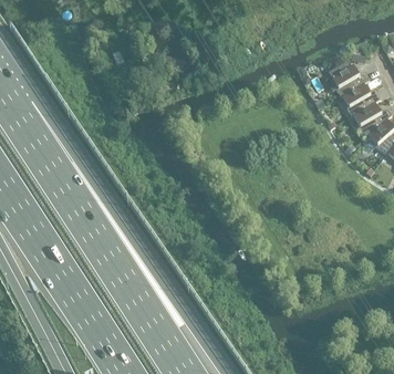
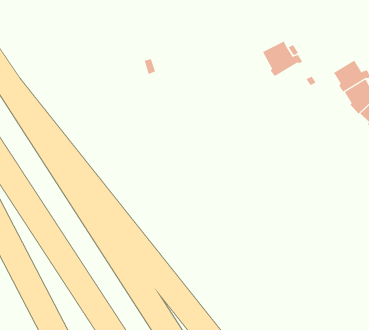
building: [329,63,370,100] -> [262,41,303,77]

